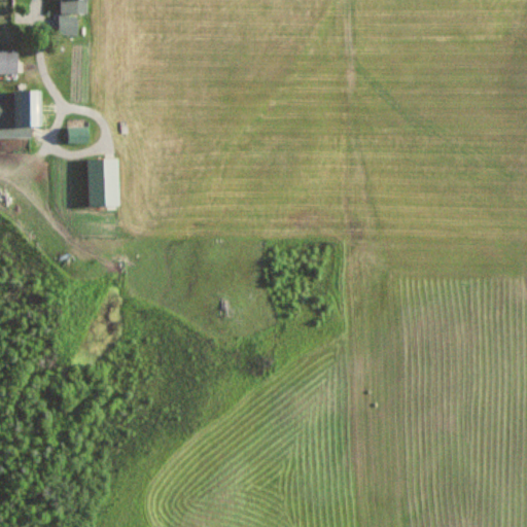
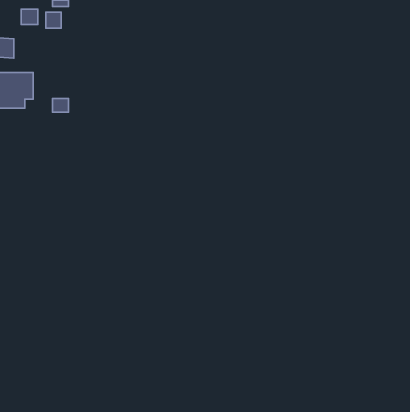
building: none -> [21,9,38,24]
building: [86,159,118,204] -> none

